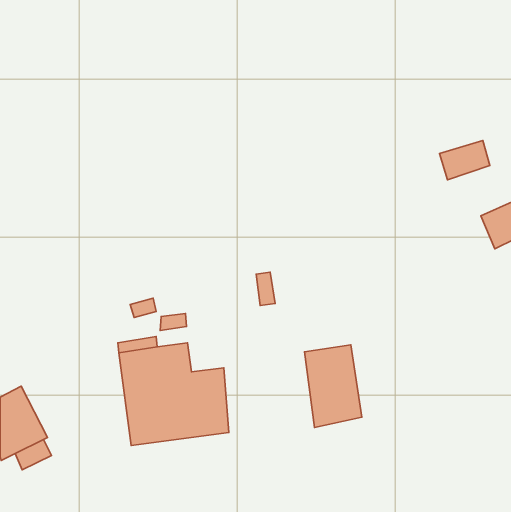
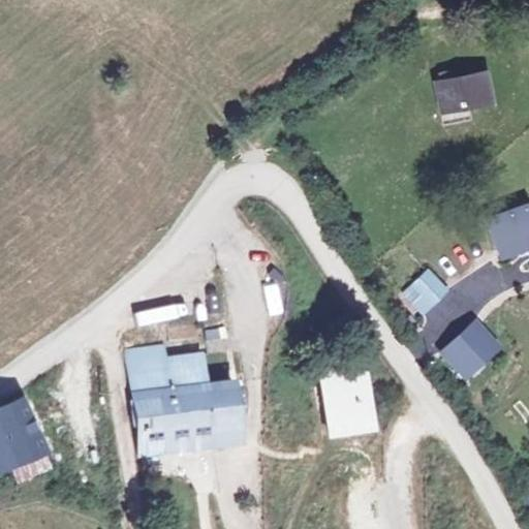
building: [440,140,490,180] -> [445,71,497,112]
building: none -> [413,264,452,314]
building: none -> [437,319,498,378]

